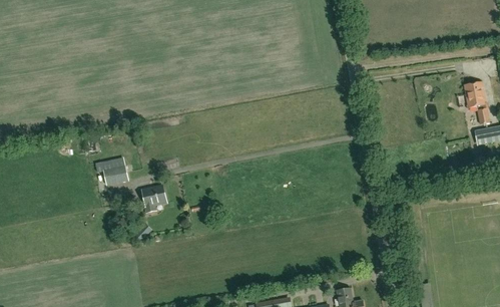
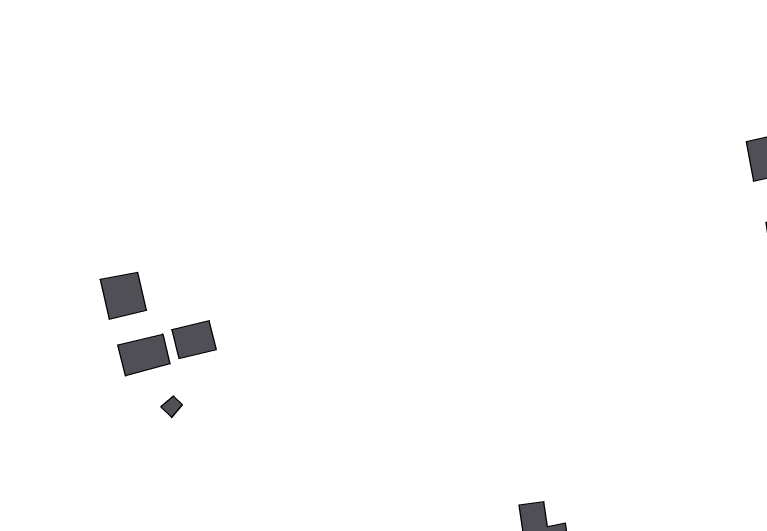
building: none -> [118,334,170,376]

